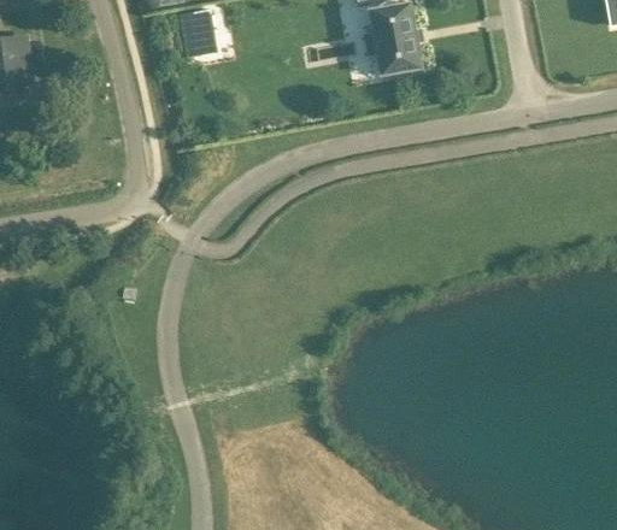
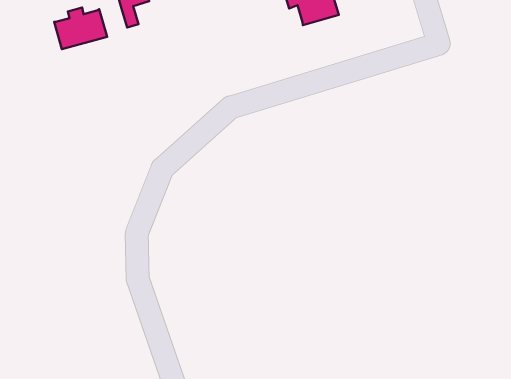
building: none -> [54,7,107,49]

